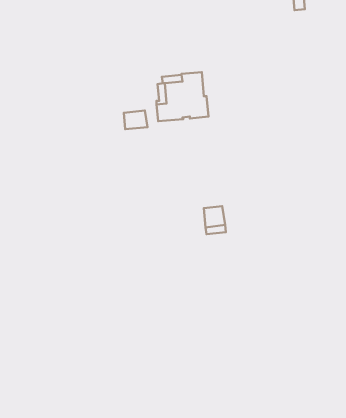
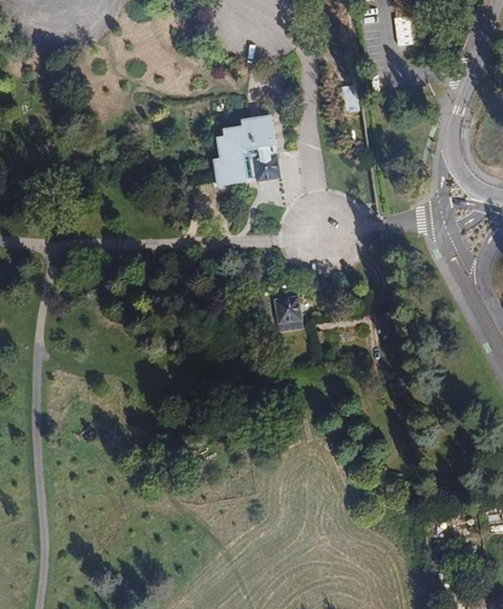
building: [124,110,147,129] -> none

